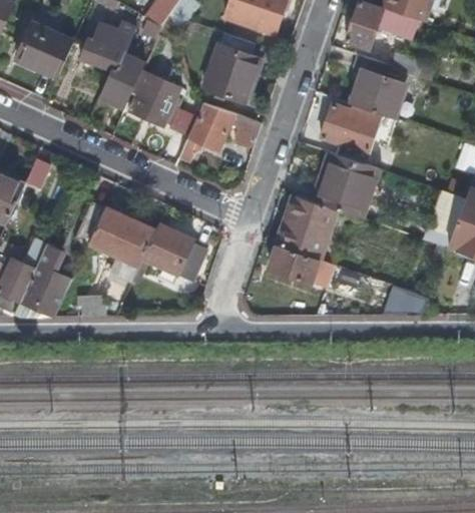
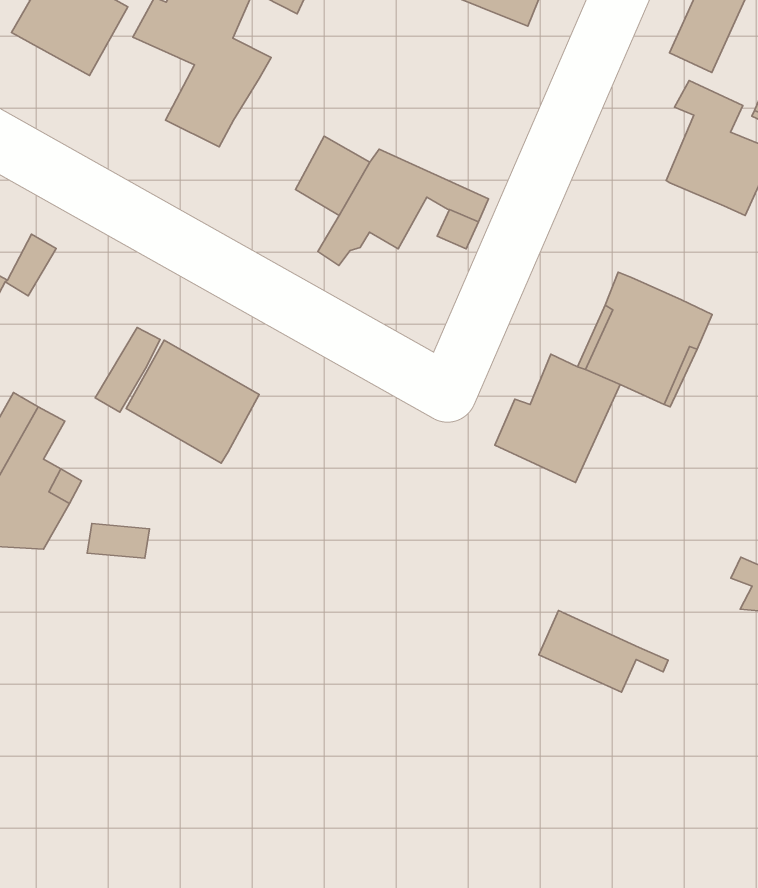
building: [205,33,258,100] -> none
building: [130,71,181,125] -> none
building: [322,104,381,163] -> none
building: [143,224,206,277] -> none
building: [269,244,334,283] -> [539,610,668,692]

